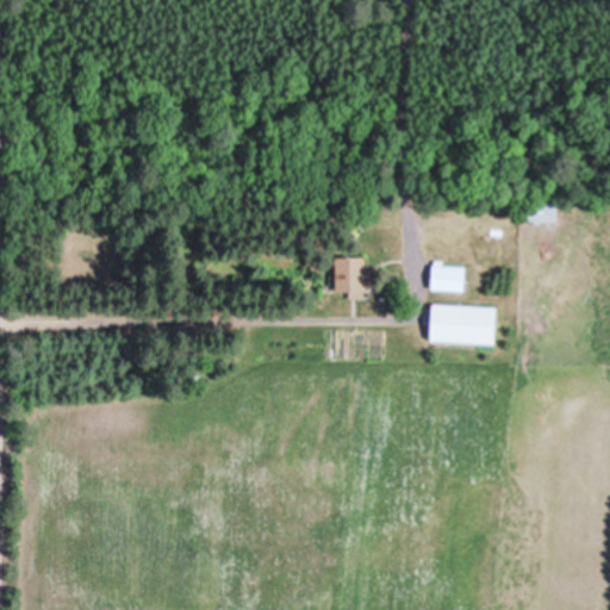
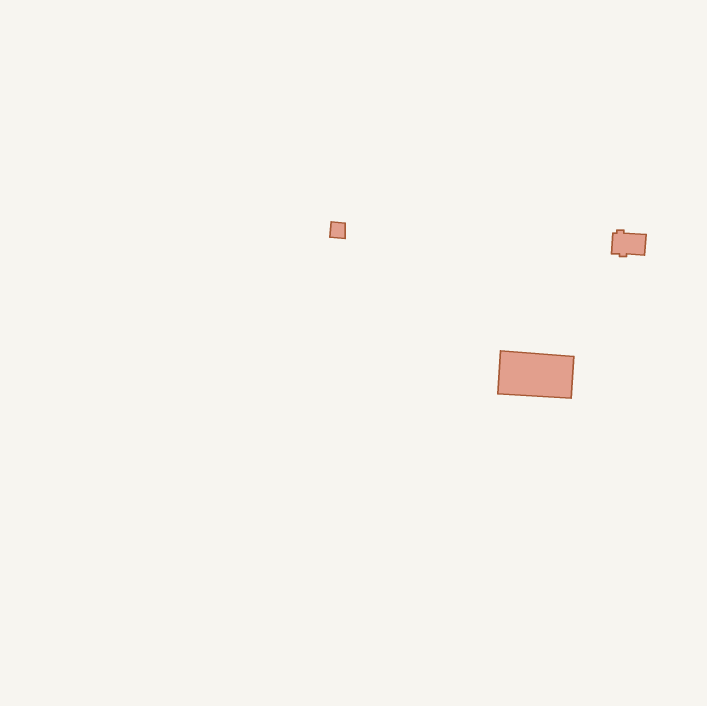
building: [334,257,363,292] -> none
building: [430,261,463,292] -> none

